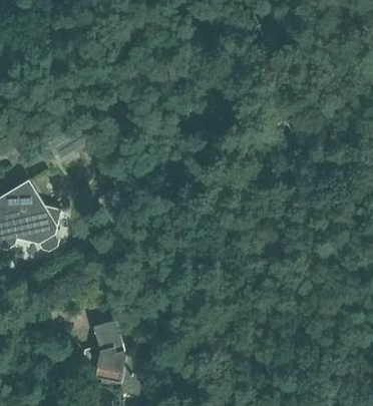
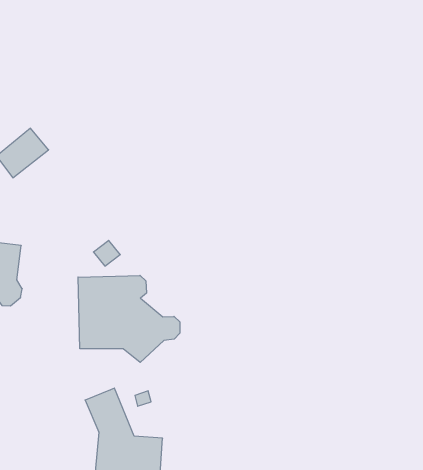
building: none -> [78,275,180,362]

